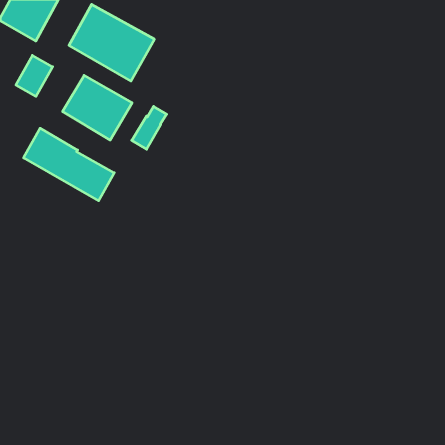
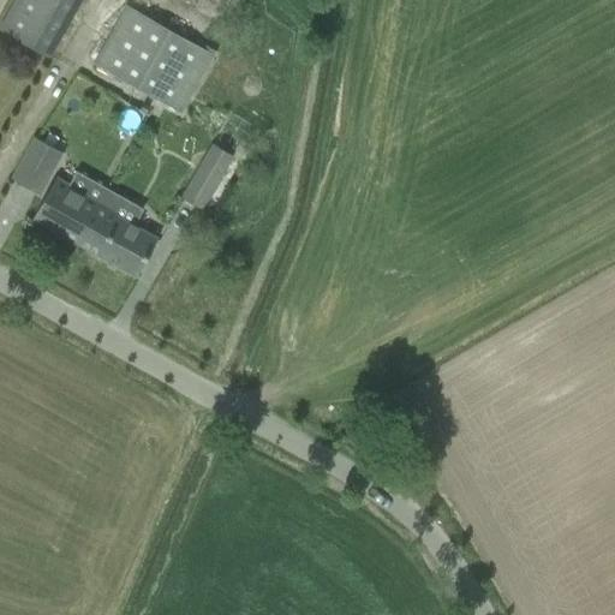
building: [16,55,53,96] -> [12,137,62,193]
building: [63,75,132,140] -> none

